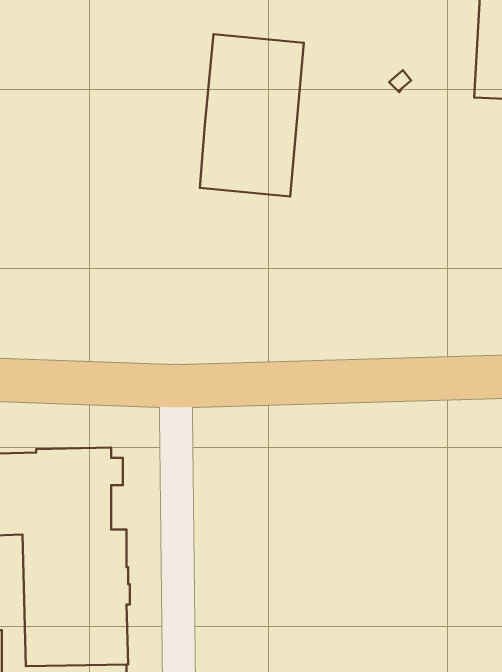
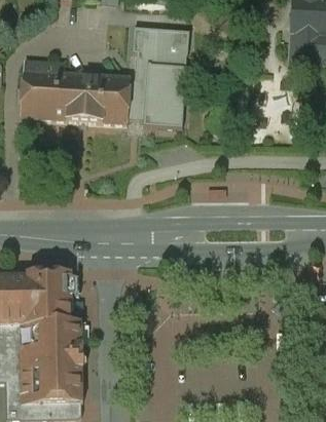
building: none -> [22,61,129,124]

